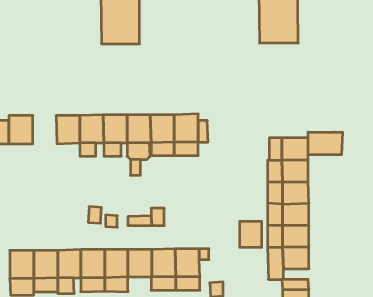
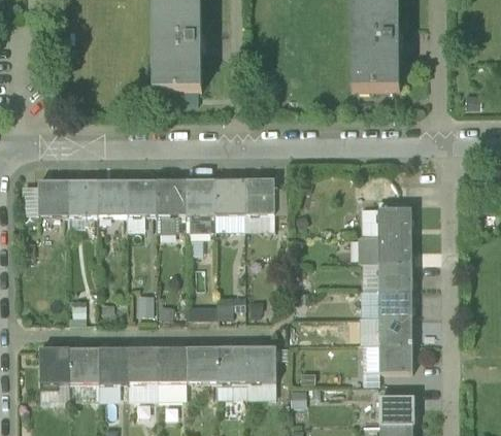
building: none -> [67,179,97,214]
building: [308,132,342,155] -> none
building: [240,221,262,247] -> none

